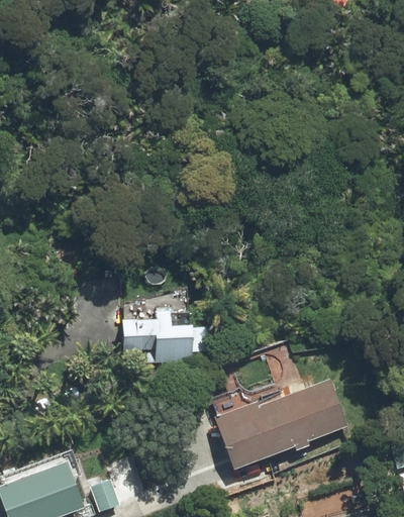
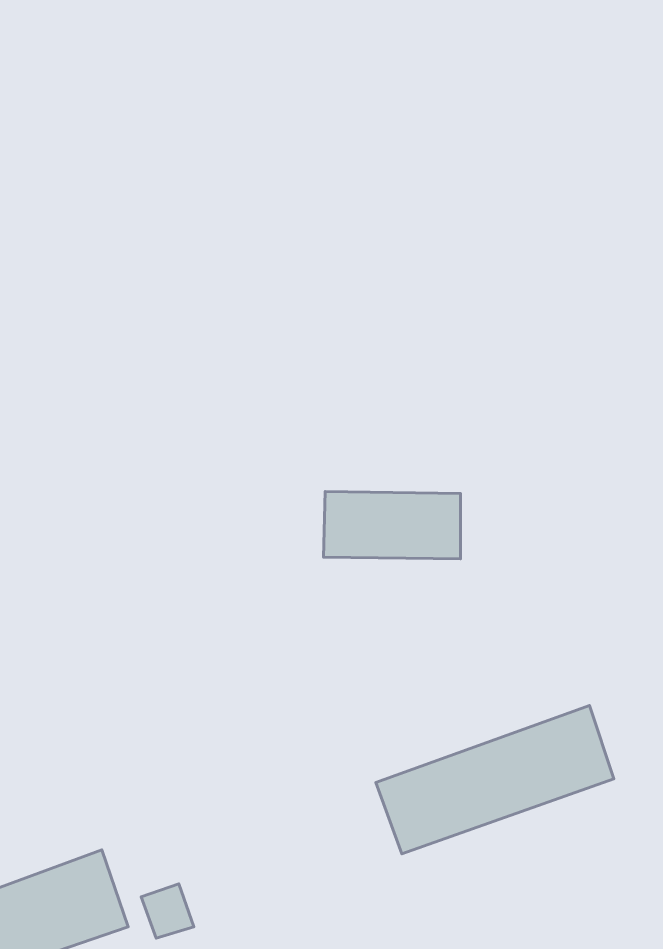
building: [121,319,195,355] -> [323,491,460,559]

